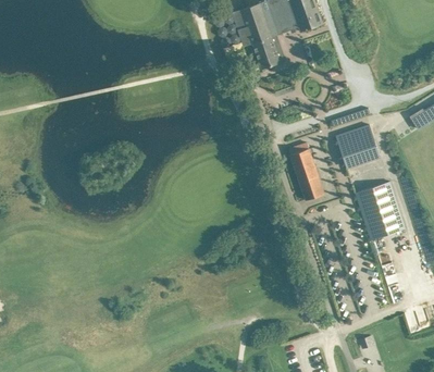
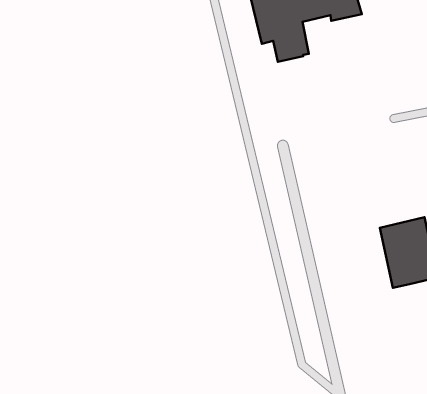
building: [336,124,380,166] -> none
building: [290,146,325,199] -> none

